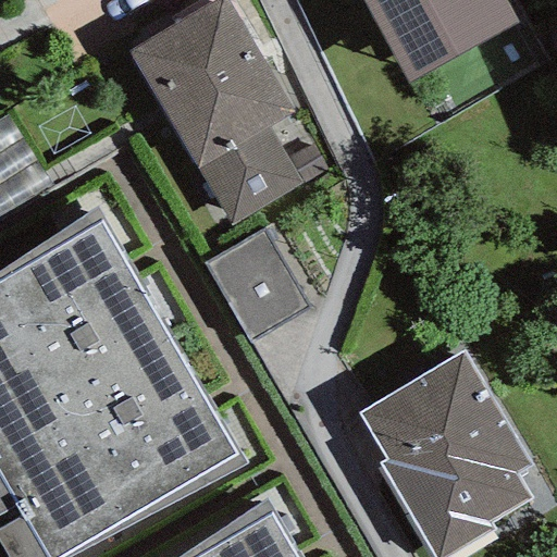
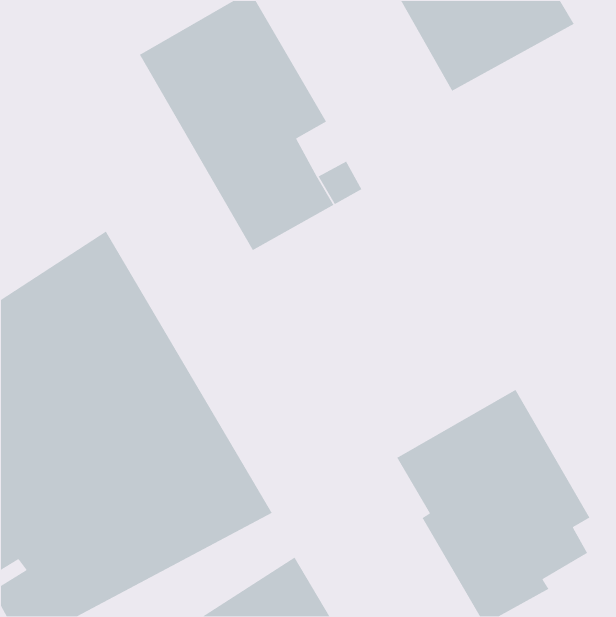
building: [203,230,309,344] -> none

